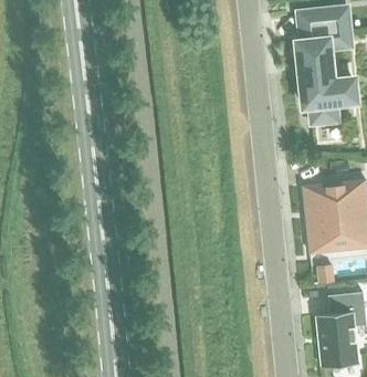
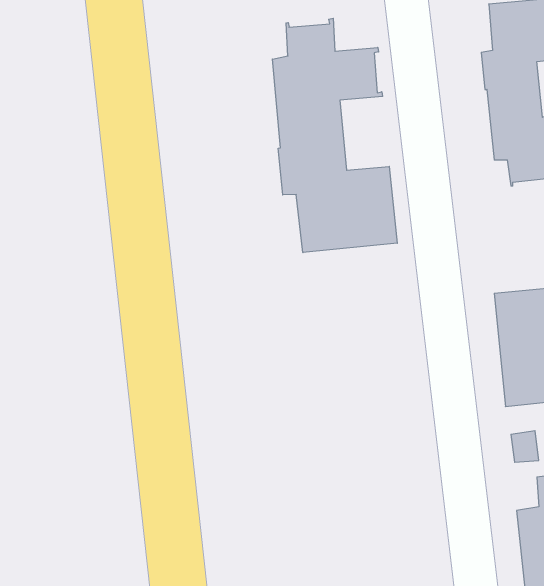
building: none -> [272,18,397,253]

